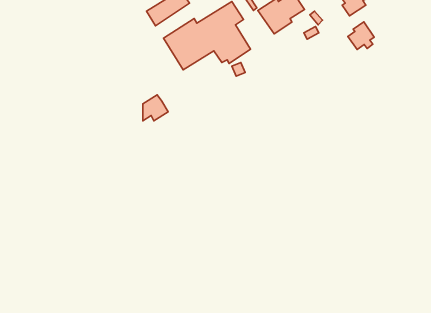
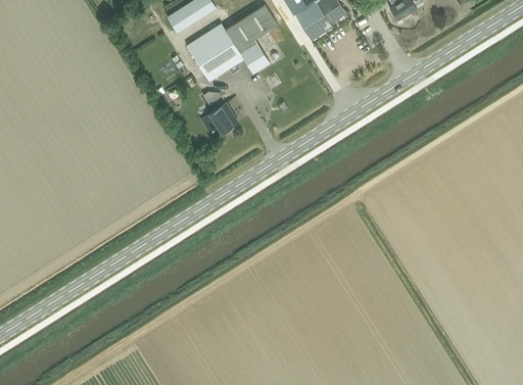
building: [348,22,374,50] -> none
building: [143,95,168,121] -> [208,103,237,133]

